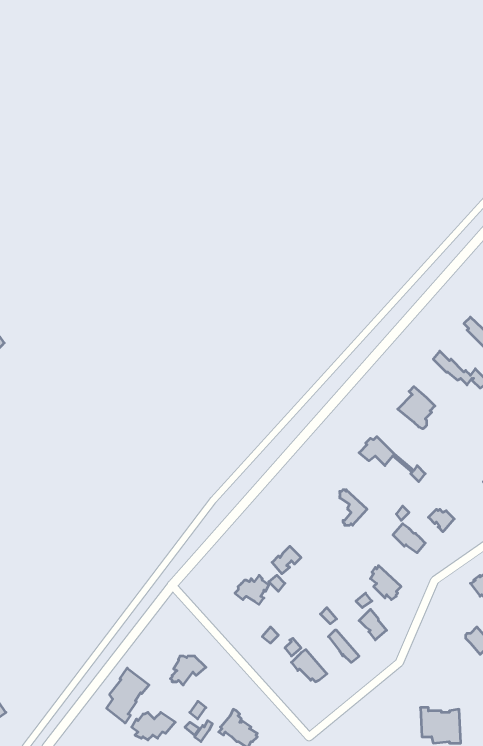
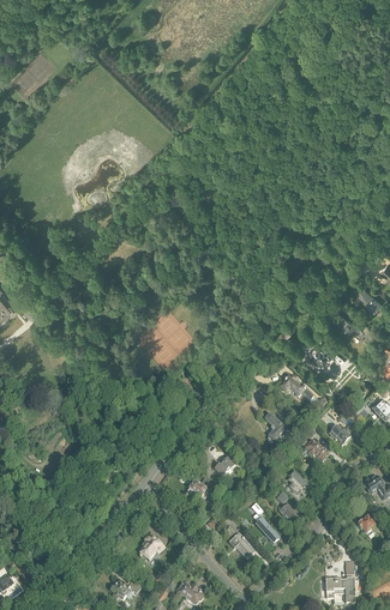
building: [107,668,149,723] -> none

